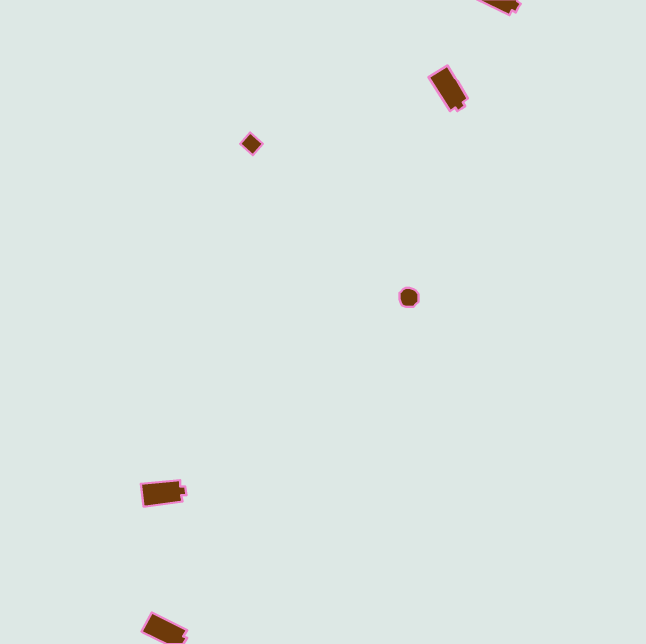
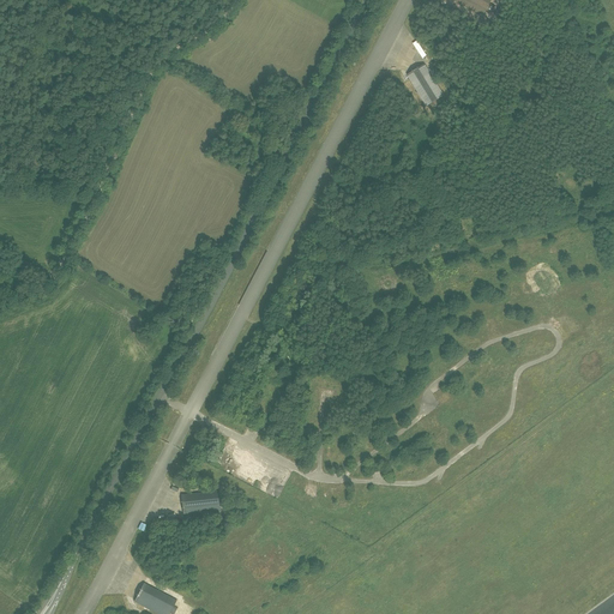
building: [141,480,186,507] -> [181,489,224,514]

